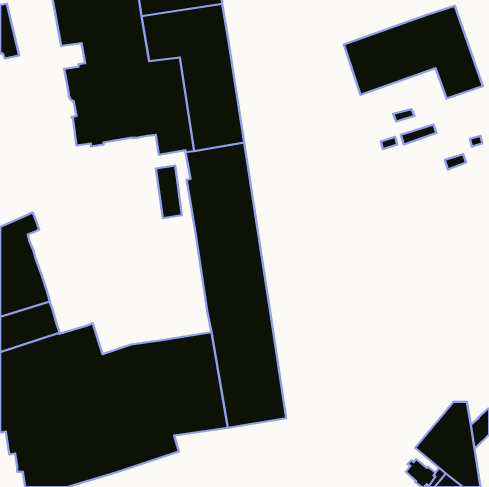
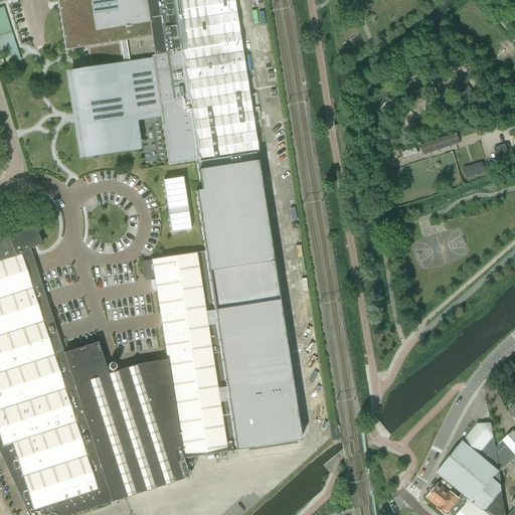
building: [344,6,483,98] -> none
building: none -> [141,249,222,358]

